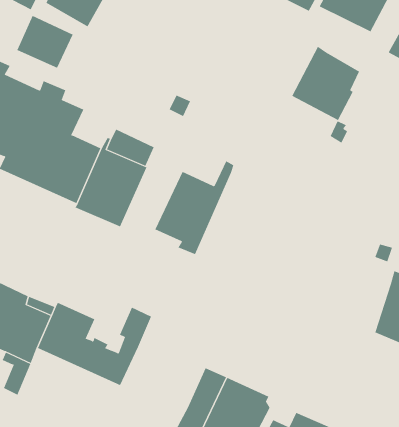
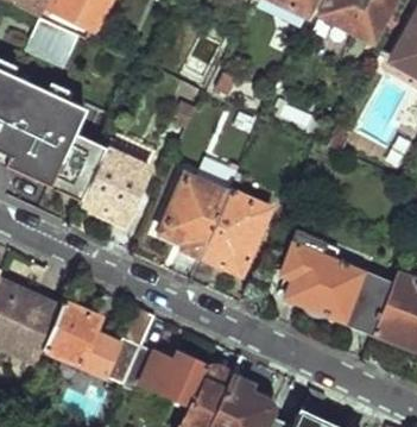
building: [292,46,360,121] -> none
building: none -> [200,174,272,274]
building: none -> [288,231,391,331]
building: none -> [118,345,209,409]

